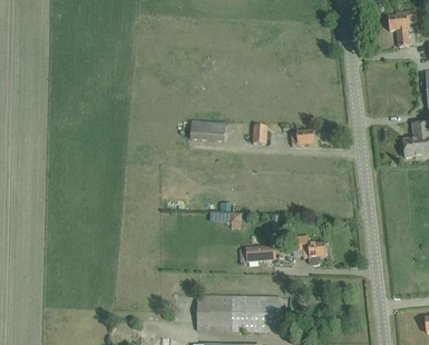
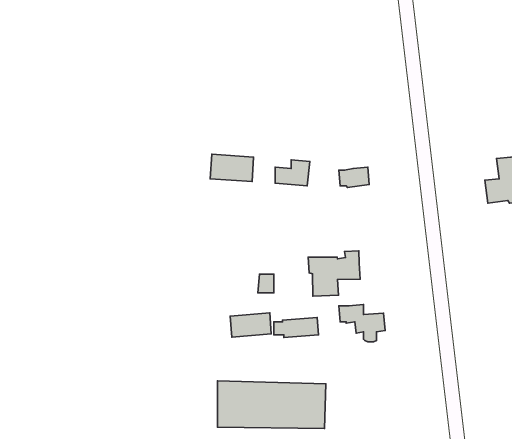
building: [387,9,416,46] -> none
building: none -> [308,251,360,296]
building: none -> [230,313,271,337]

